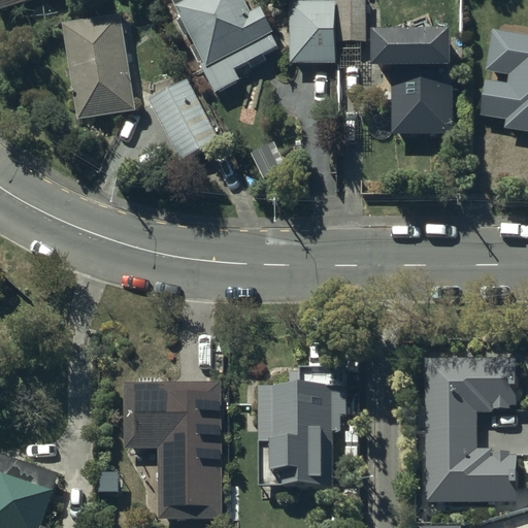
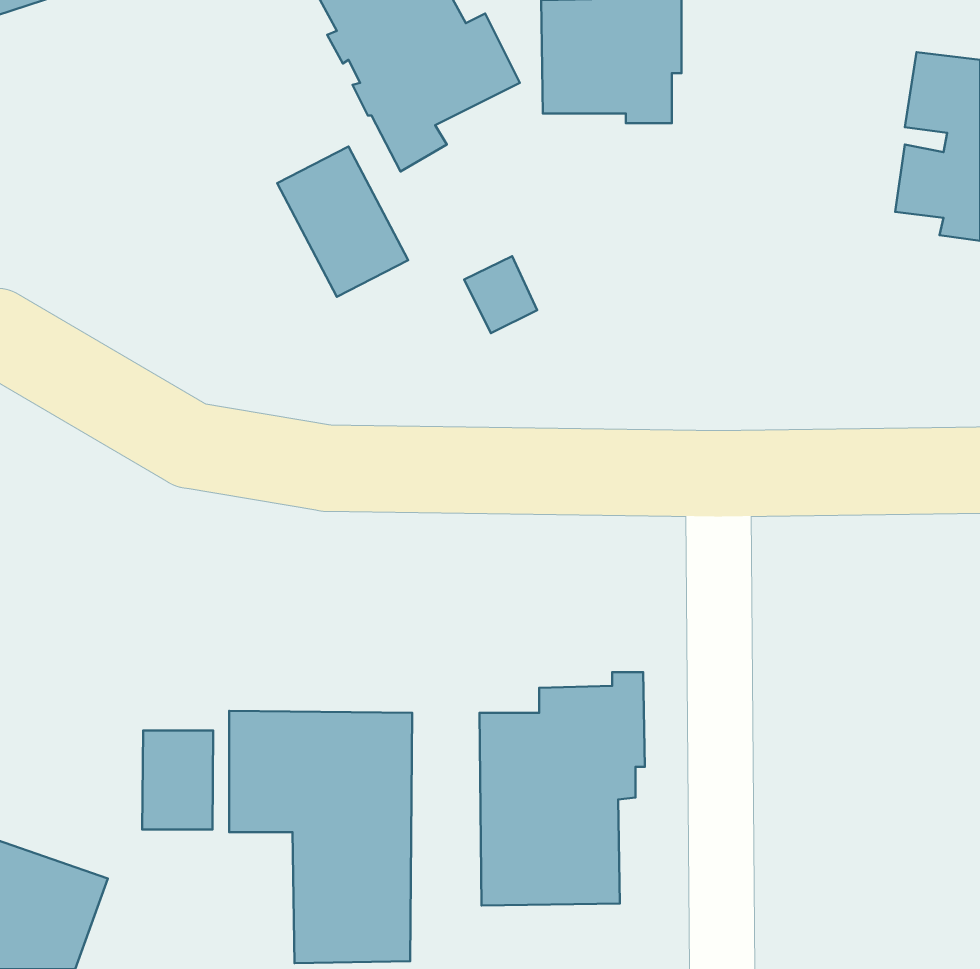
building: [61,12,135,119] -> none
building: [372,34,452,133] -> none
building: [424,357,516,501] -> none
building: none -> [142,730,213,829]

